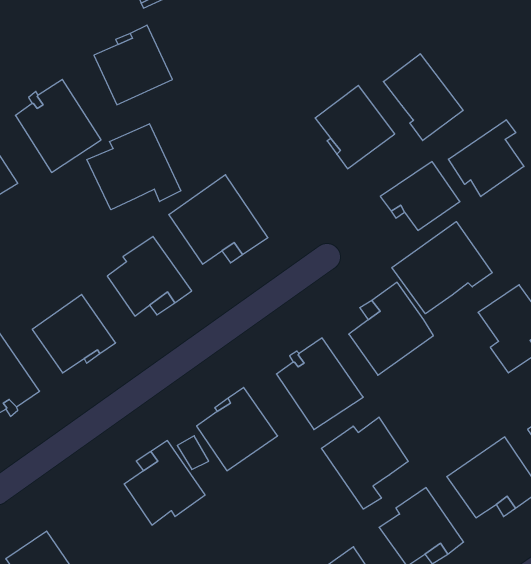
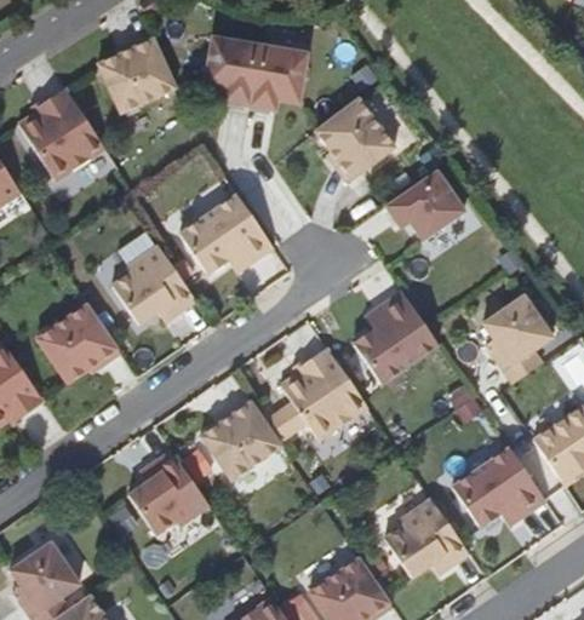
building: none -> [202,36,307,109]
building: [383,54,463,141] -> none
building: [448,120,524,197] -> none
building: [87,124,181,210] -> none
building: [392,222,492,314] -> none
building: [321,417,408,509] -> none

